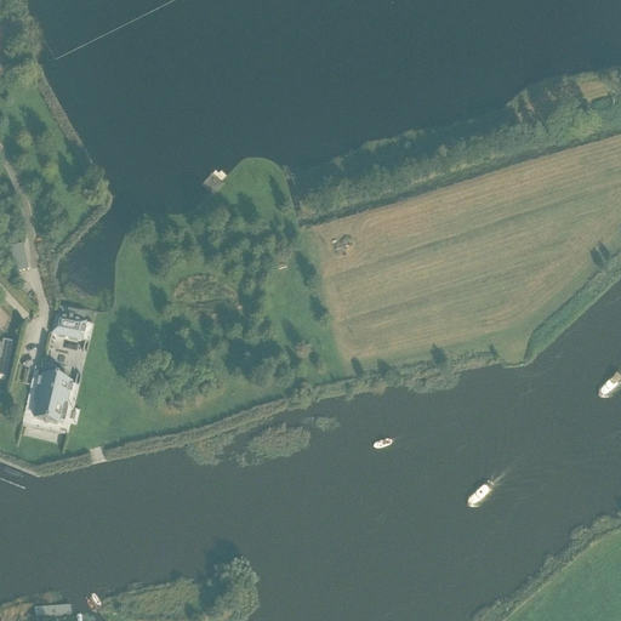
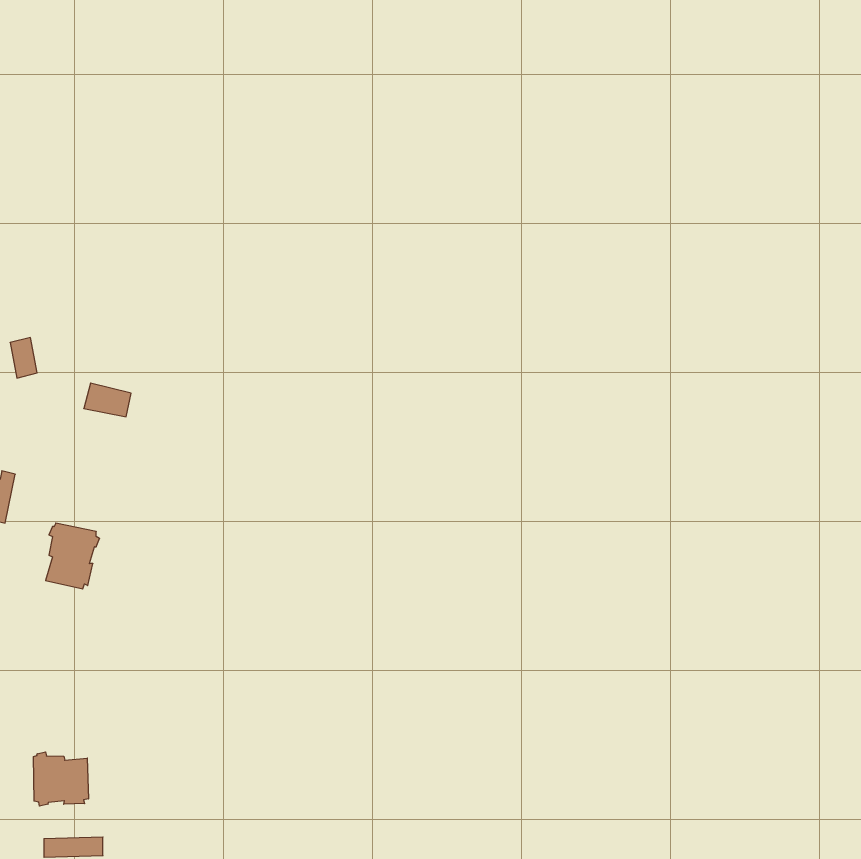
building: [50,315,84,340] -> [84,383,131,417]
building: none -> [34,752,88,806]

